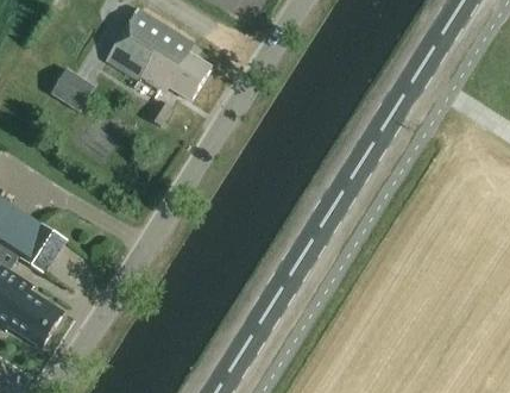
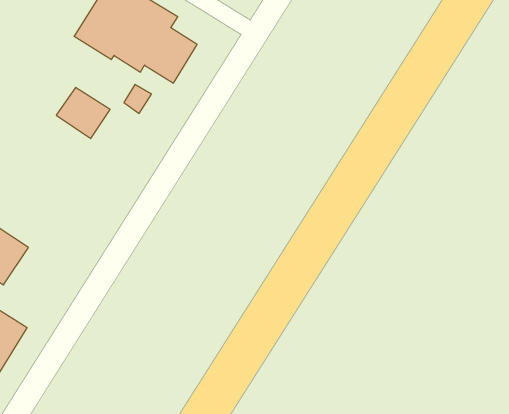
building: [49,68,95,112] -> [56,87,110,139]

